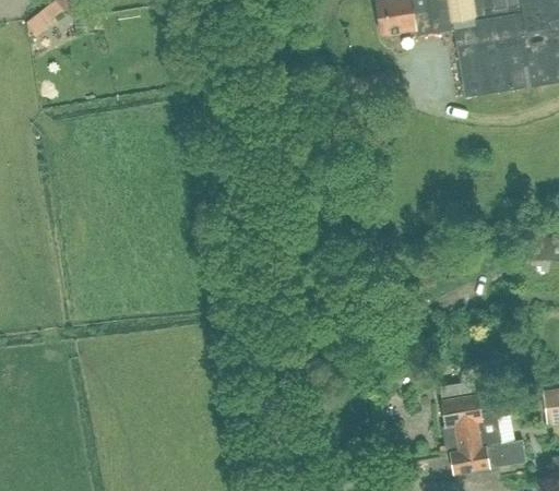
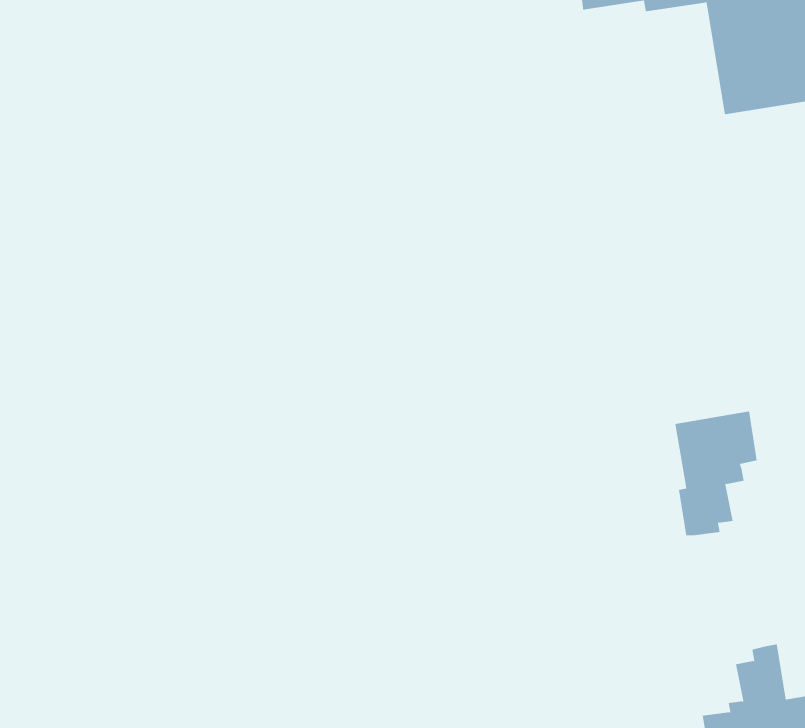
building: [440,379,489,453] -> [675,411,757,536]

